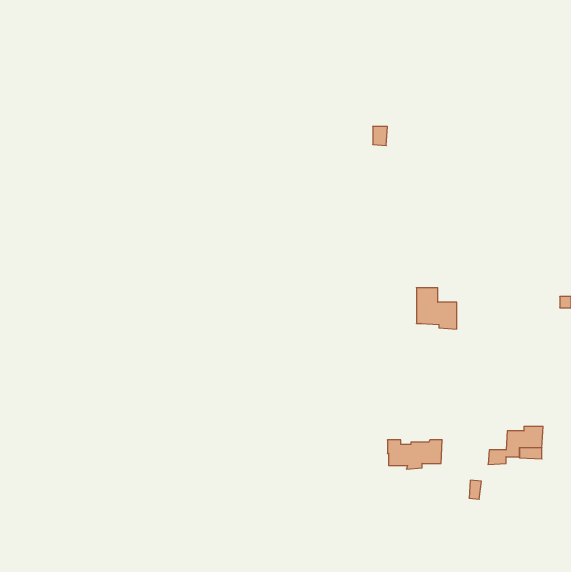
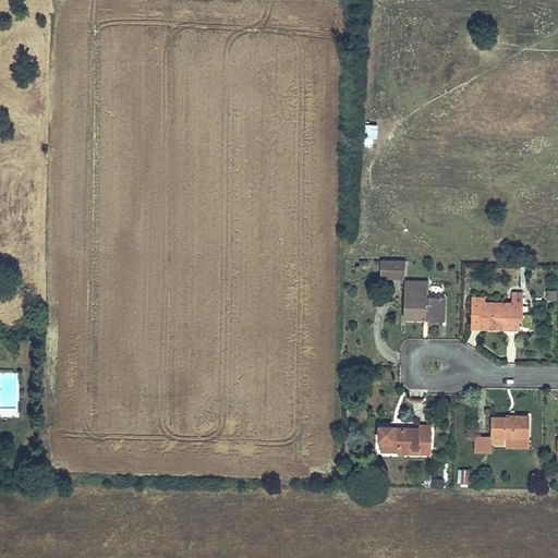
building: none -> [379,258,404,277]
building: none -> [470,293,521,330]

